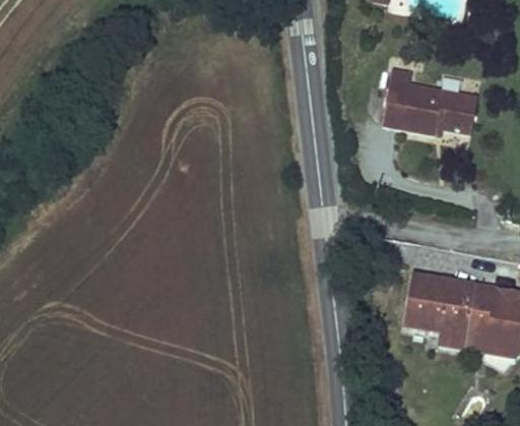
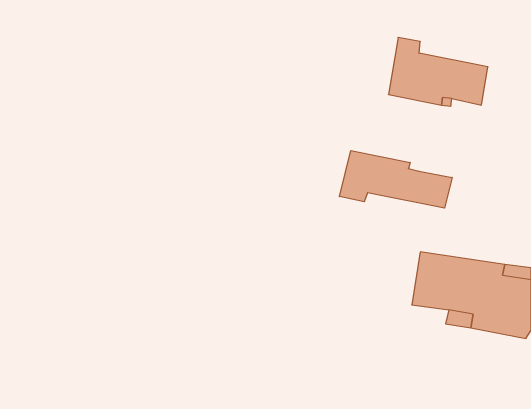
building: none -> [339,151,452,208]

